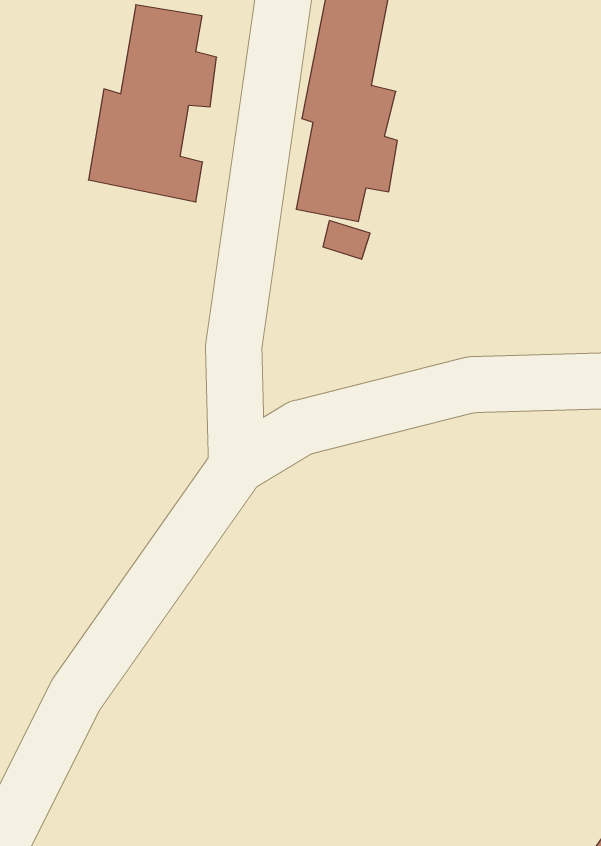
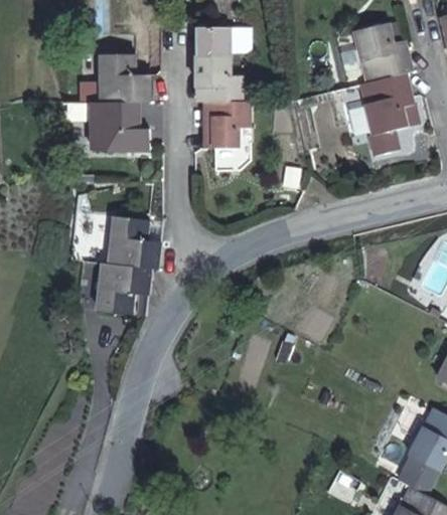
building: none -> [97,222,157,318]

